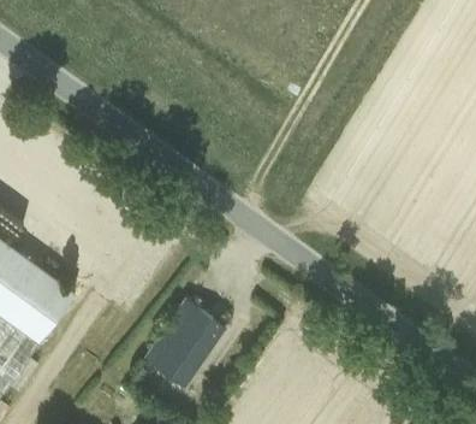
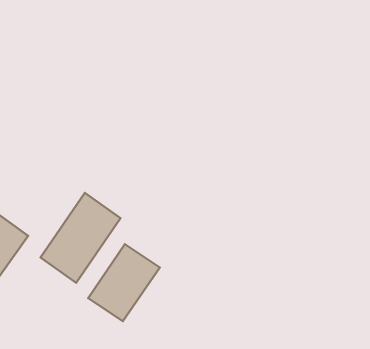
building: none -> [41,193,121,283]

